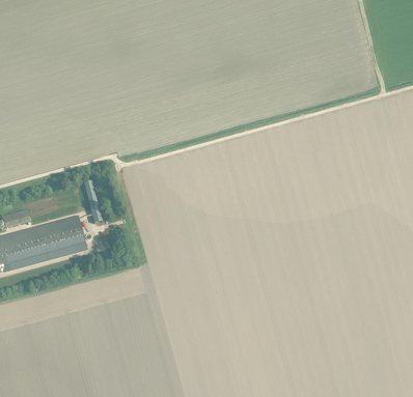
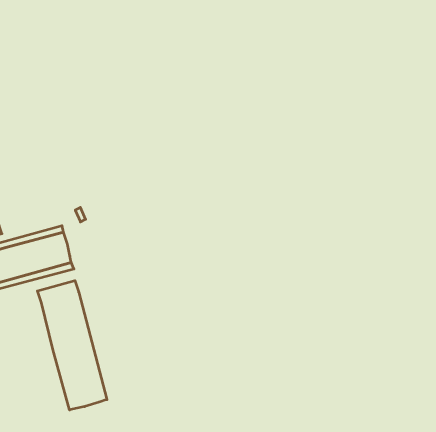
building: none -> [37,281,107,410]

